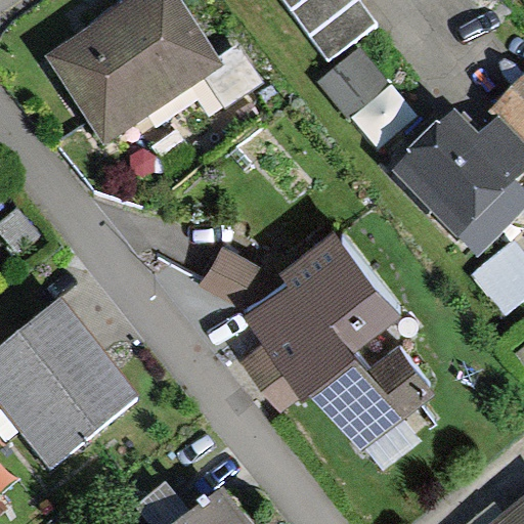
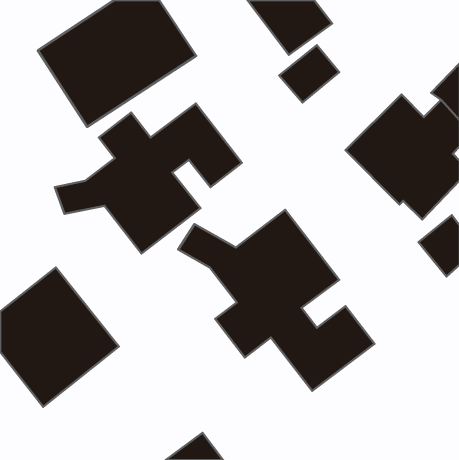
building: none -> [55,104,242,253]

